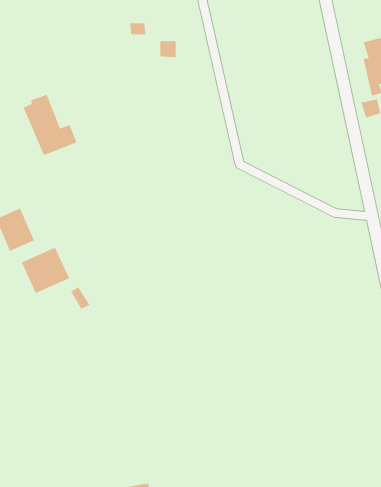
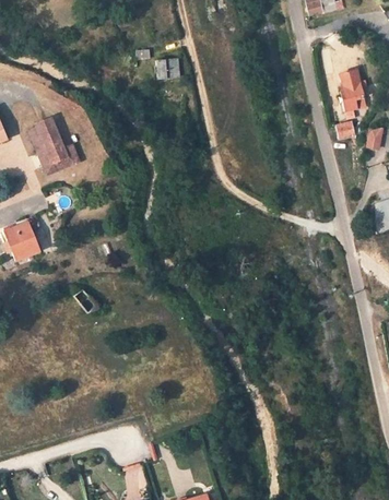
building: [21,247,70,294] -> none

